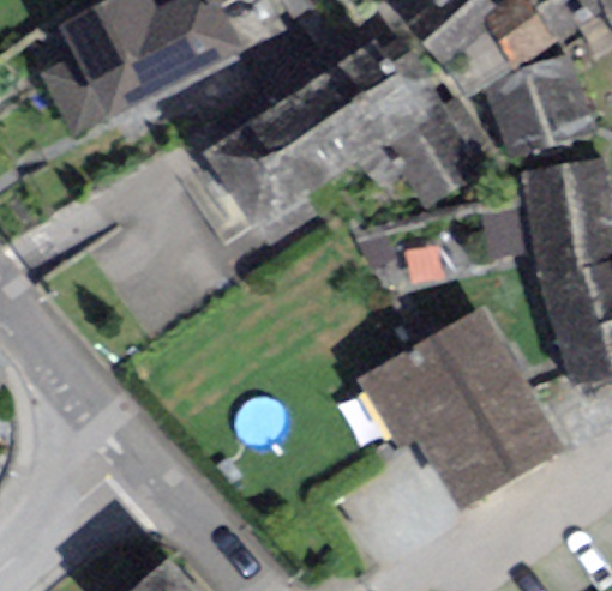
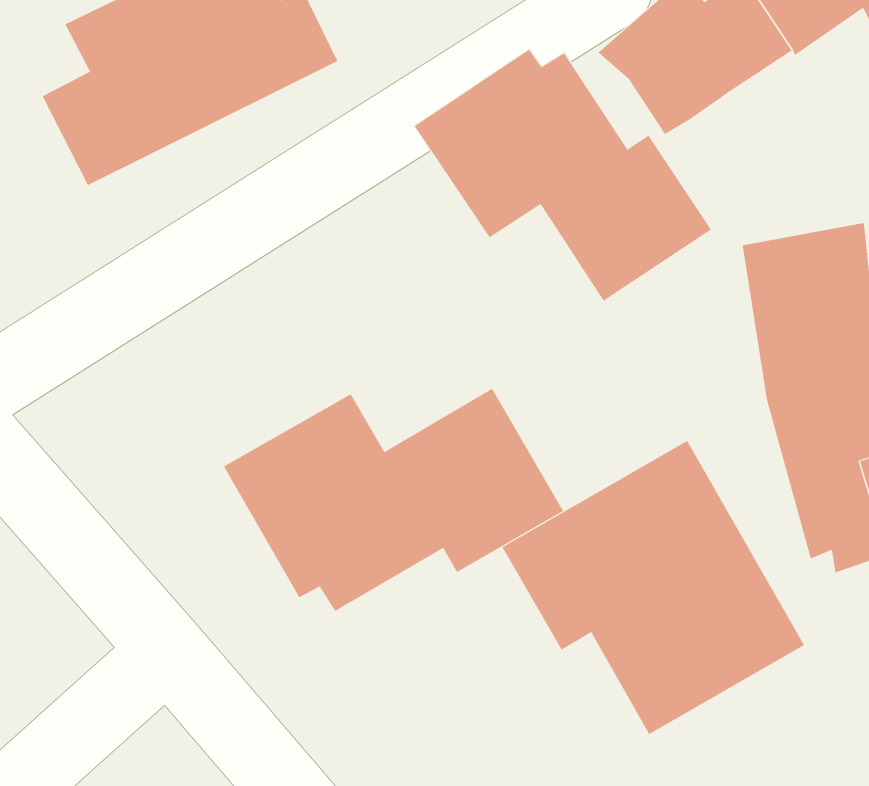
building: [486,53,594,151] -> none
building: [204,91,348,247] -> none
building: none -> [223,388,564,612]

